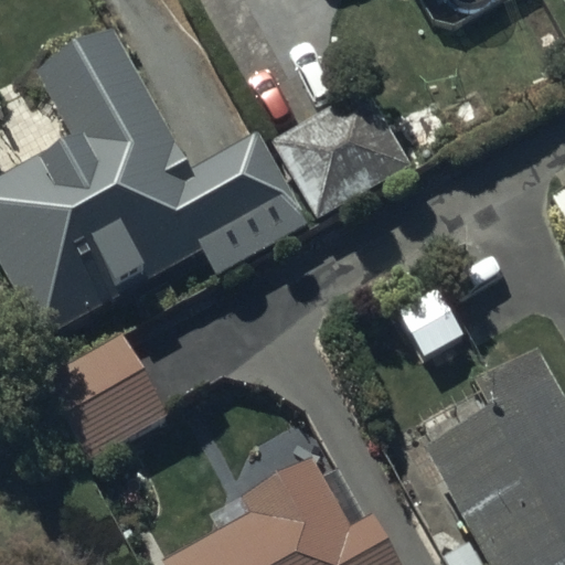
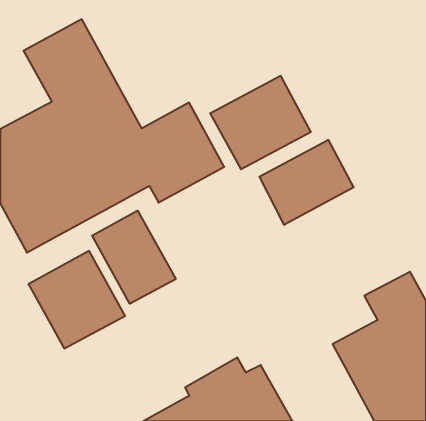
building: none -> [259,140,354,225]
building: none -> [92,211,176,304]

